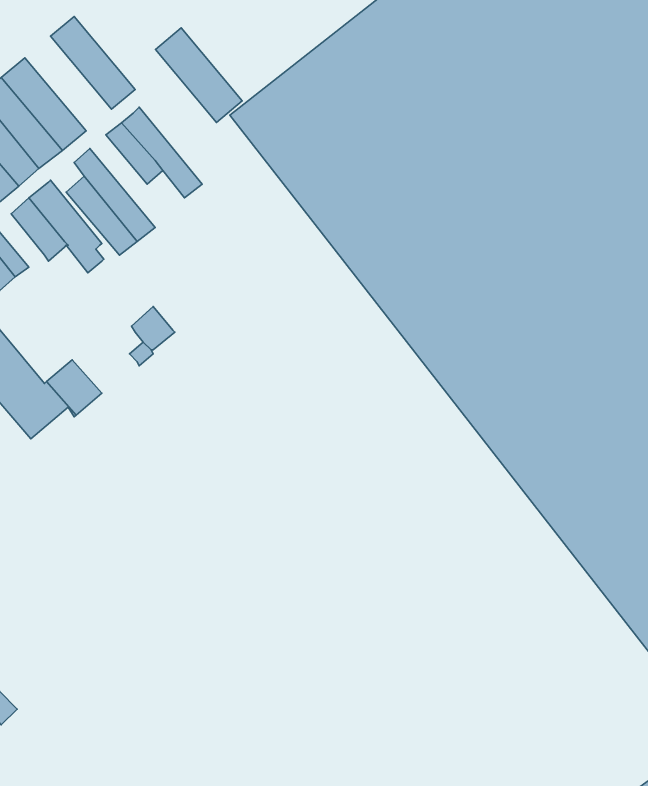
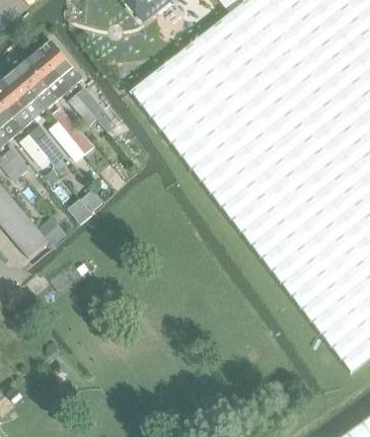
building: [155,28,242,123] -> [26,51,71,99]

